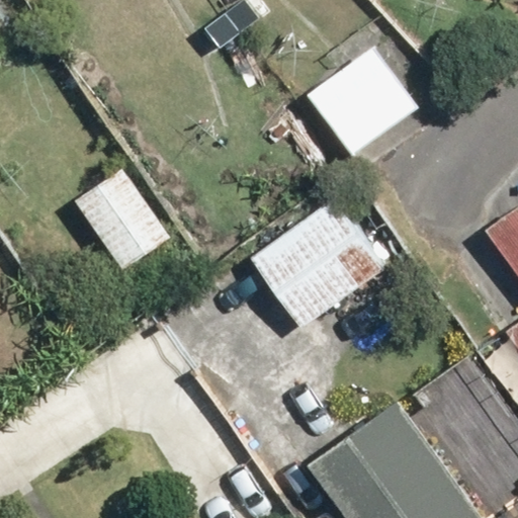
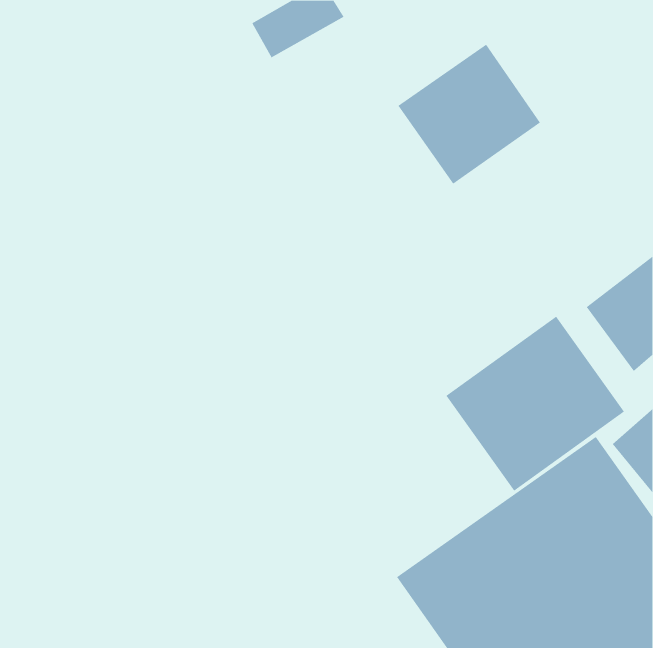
building: [75,167,176,275] -> none
building: [248,195,388,333] -> [445,316,625,491]

